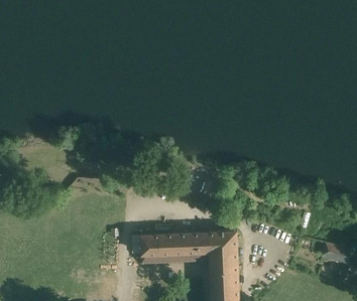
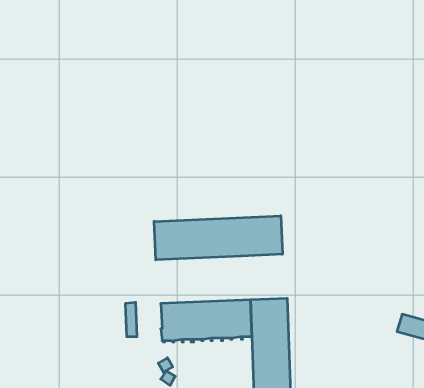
building: none -> [154,216,282,260]

